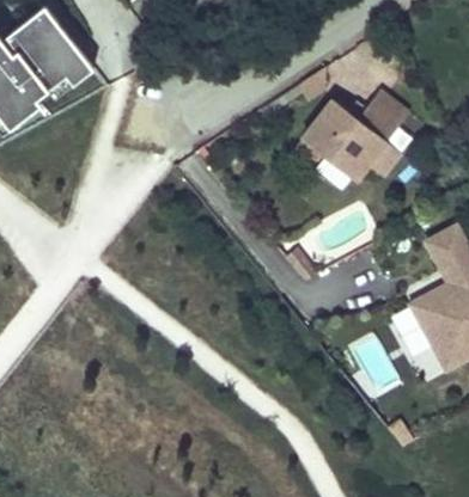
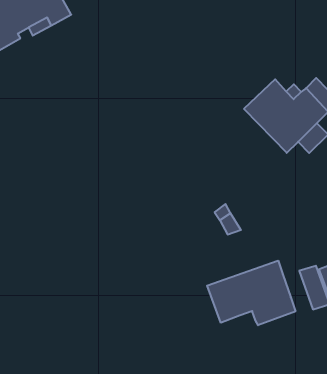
building: none -> [207,261,295,325]

